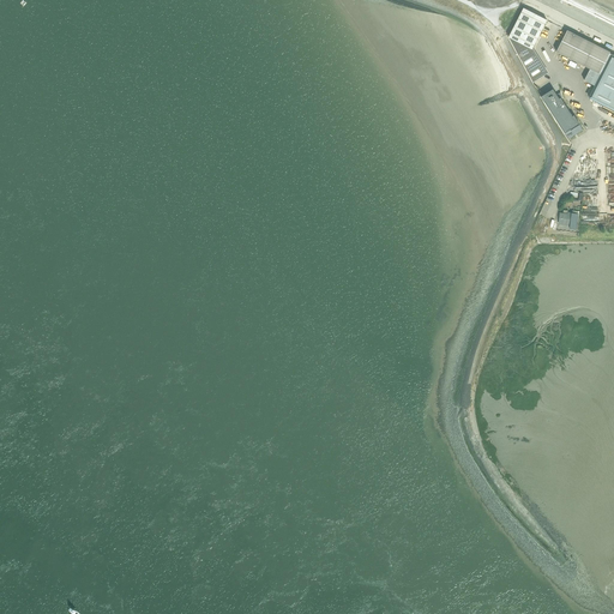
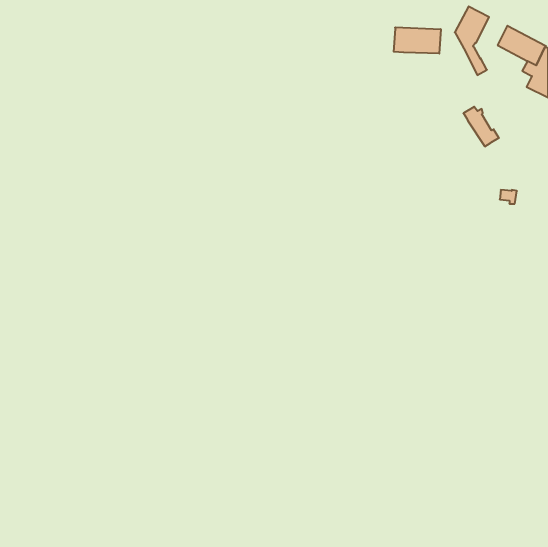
building: none -> [394,27,441,54]
building: [541,89,580,133] -> [463,107,499,146]

